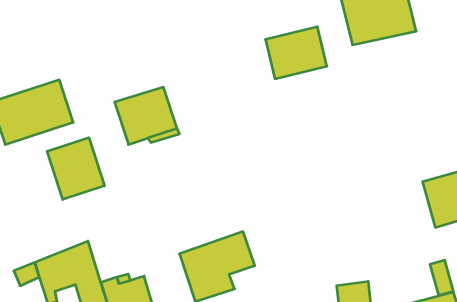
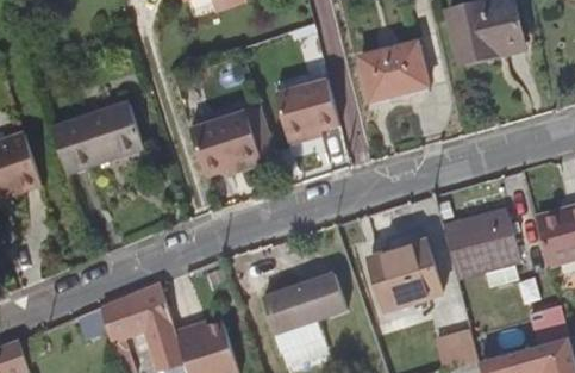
building: none -> [275,77,339,138]
building: [47,138,104,200] -> none
building: none -> [442,210,519,287]
building: none -> [367,238,444,313]

